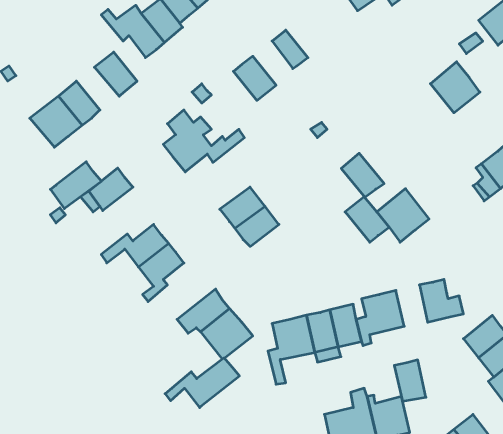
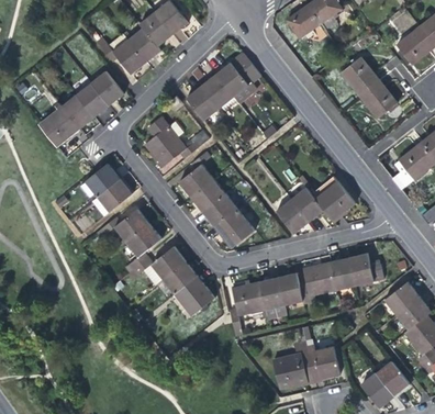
building: none -> [339,56,379,96]
building: none -> [216,61,257,103]
building: none -> [76,82,110,116]
building: none -> [187,86,220,120]
building: none -> [179,150,214,195]
building: [341,153,384,197] -> [276,198,310,233]
building: [50,162,101,209] -> [92,178,133,215]
building: none -> [214,208,255,248]
building: [165,358,239,408] -> [127,245,187,284]
building: [394,360,426,401] -> [331,256,356,289]

